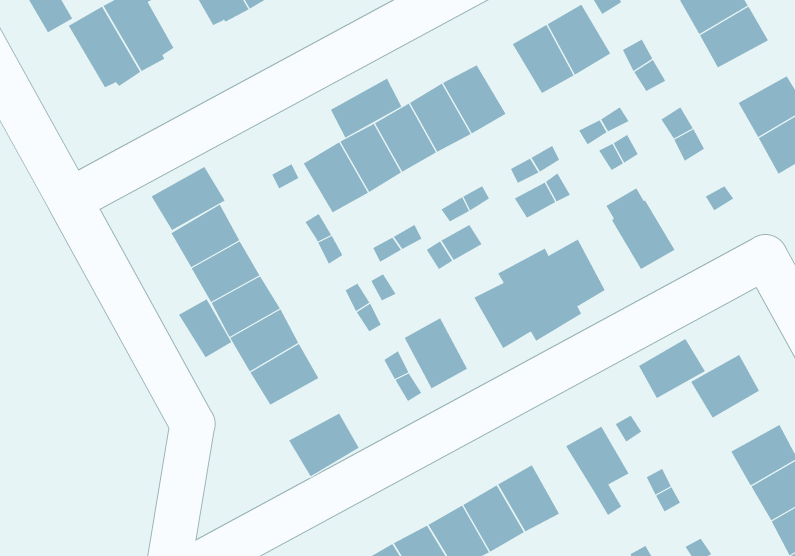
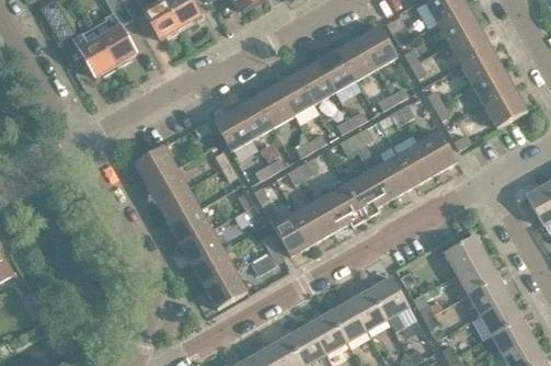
building: none -> [460,48,502,85]
building: none -> [317,50,355,92]
building: [330,78,402,138] -> none
building: [151,166,225,231] -> none
building: none -> [417,131,457,173]
building: none -> [377,156,414,197]
building: none -> [295,202,332,244]
building: [178,298,232,358] -> none
building: [638,338,706,399] -> [457,258,497,294]
building: none -> [193,250,234,287]
building: none -> [349,290,387,331]

